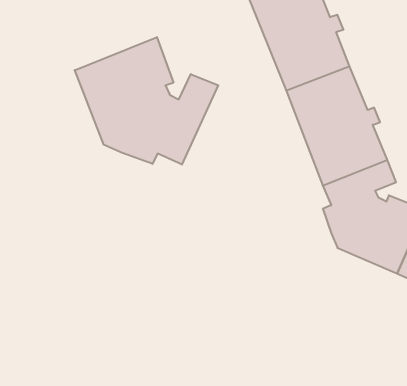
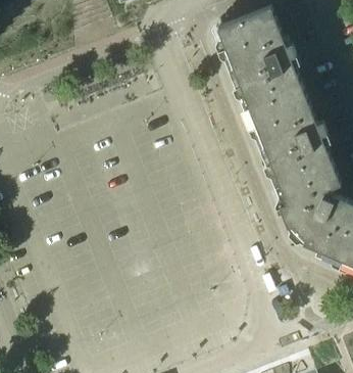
building: [75,37,218,165] -> none

